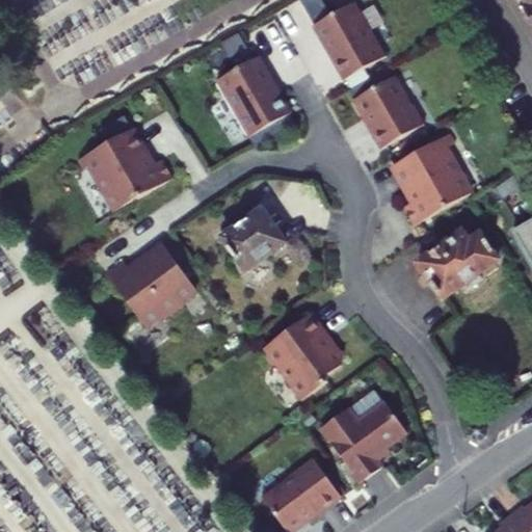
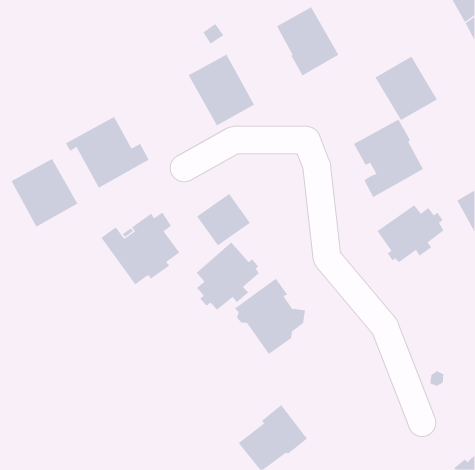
building: [356,71,427,143] -> [375,56,438,121]
building: none -> [11,158,78,228]
building: none -> [196,241,260,311]
building: [322,394,408,476] -> none

